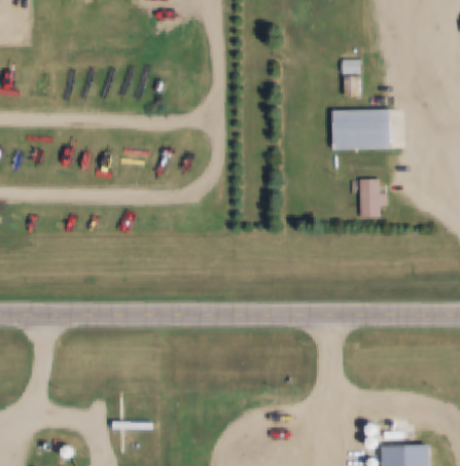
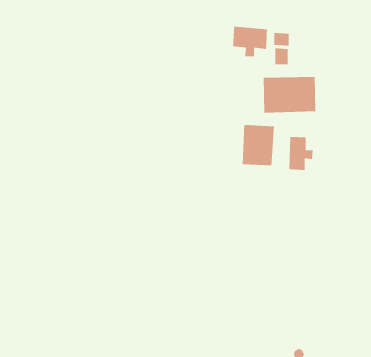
building: none -> [233,26,268,57]
building: none -> [242,124,275,166]

